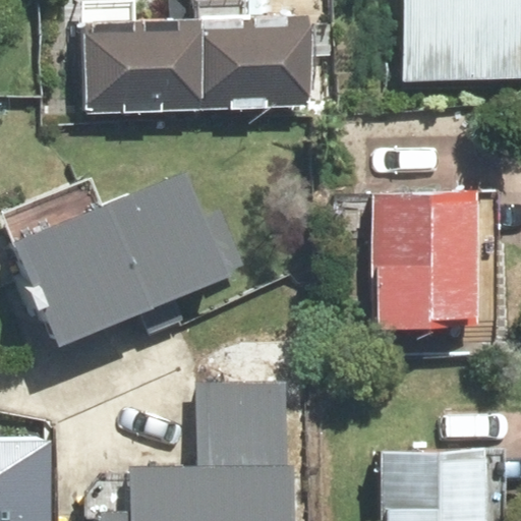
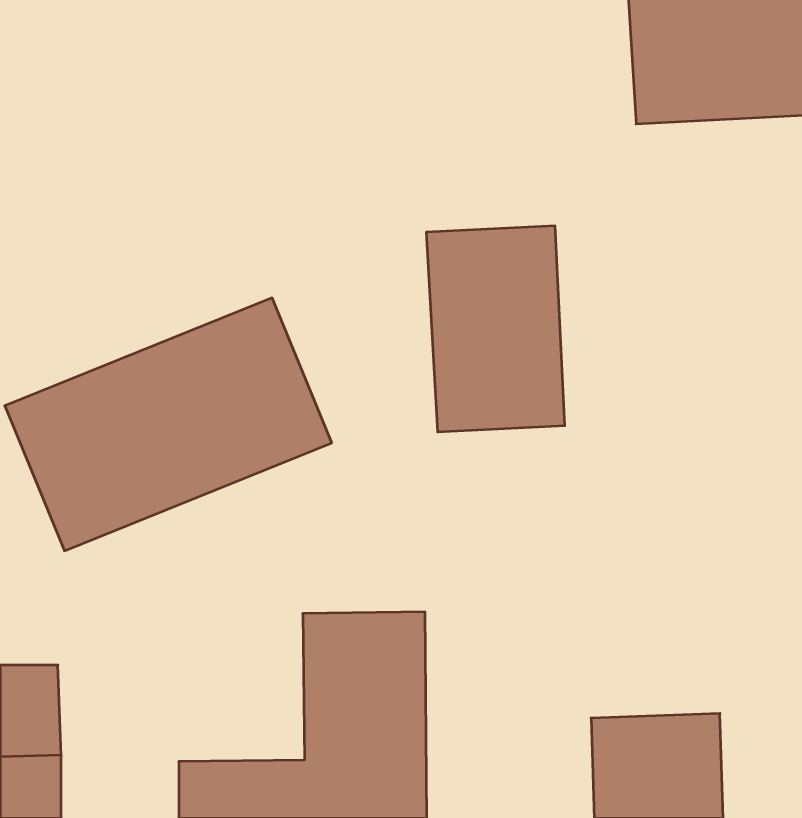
building: [84,31,304,109] -> none
building: [377,197,464,328] -> [426,226,565,432]

